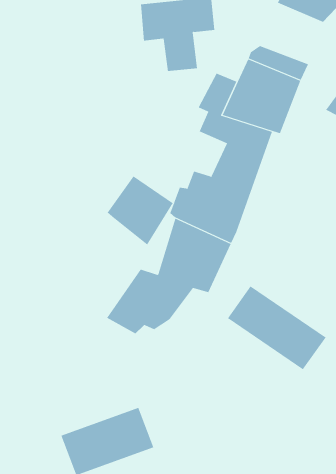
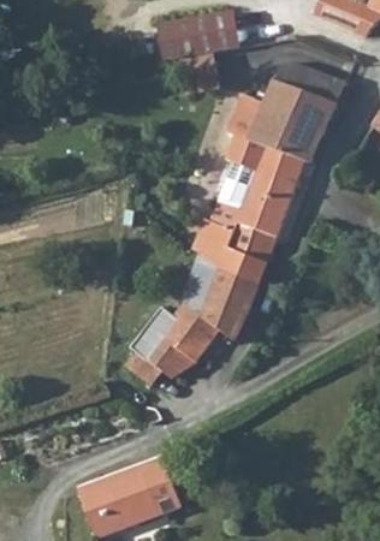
building: [107,176,173,245] -> none
building: [227,285,326,370] -> none

